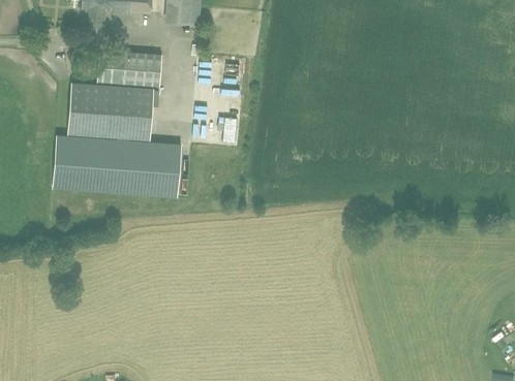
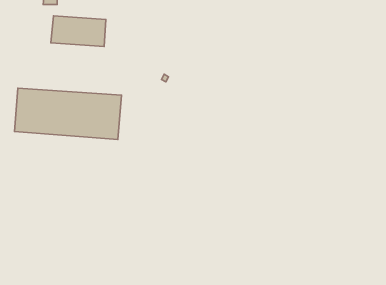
building: [67,83,153,139] -> none

